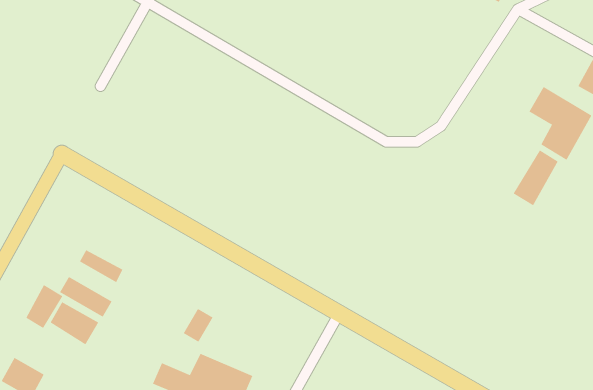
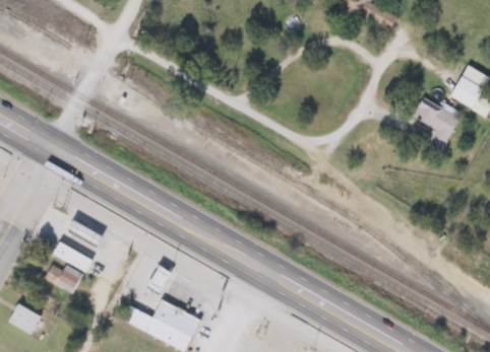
building: [513,149,559,206] -> none
building: [25,284,63,329] -> none

